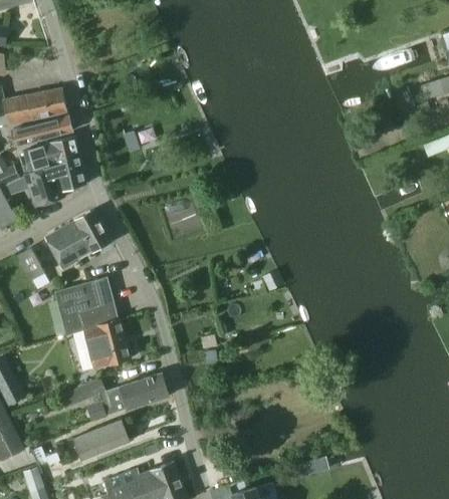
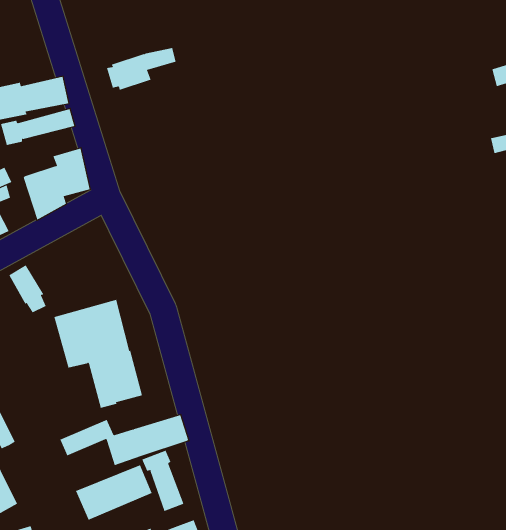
building: [17,137,76,173] -> [106,48,176,91]
building: [45,210,109,268] -> none
building: none -> [141,450,184,512]

